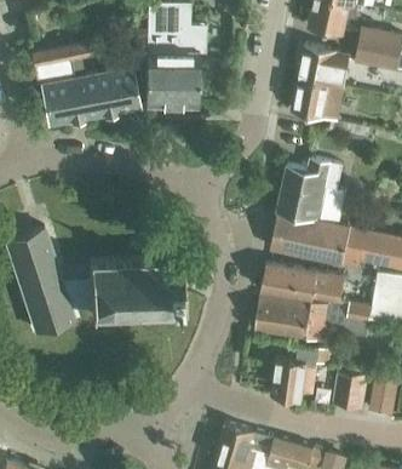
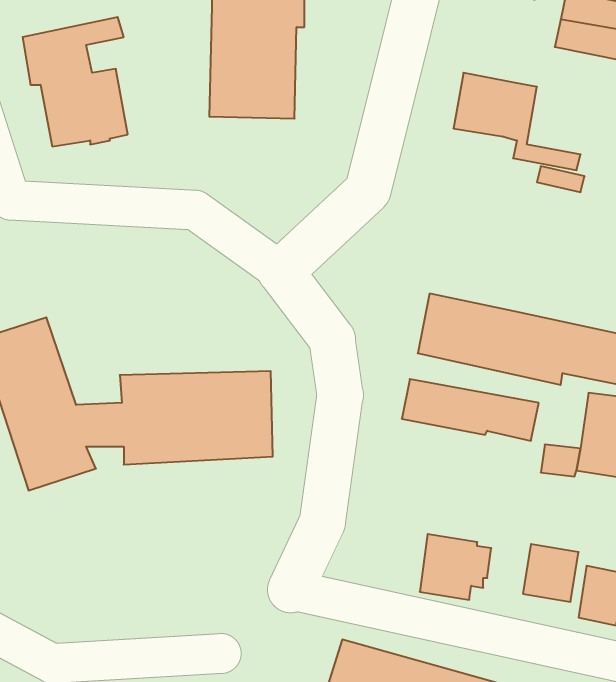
building: [299,46,350,86] -> none
building: [87,68,139,115] -> none
building: [278,158,346,224] -> none
building: [255,294,331,342] -> none

